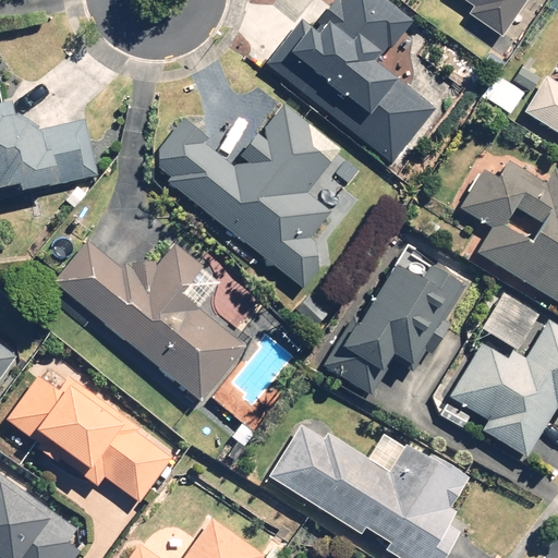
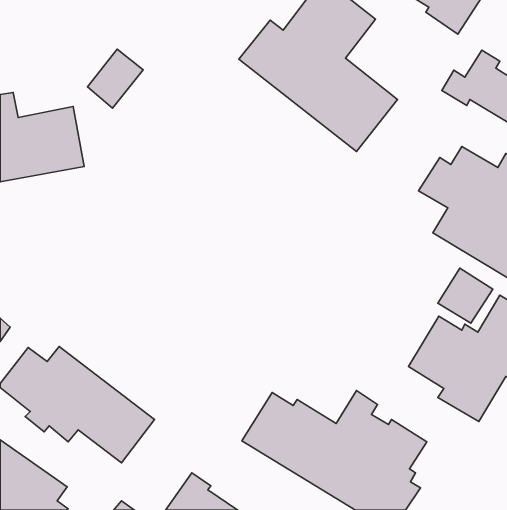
building: none -> [87,49,143,108]
building: [146,105,343,291] -> none
building: [52,241,246,405] -> none
building: [324,242,460,399] -> none

